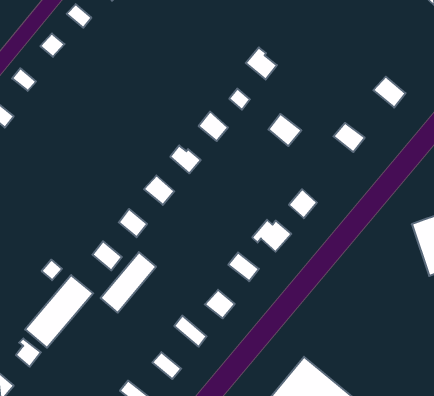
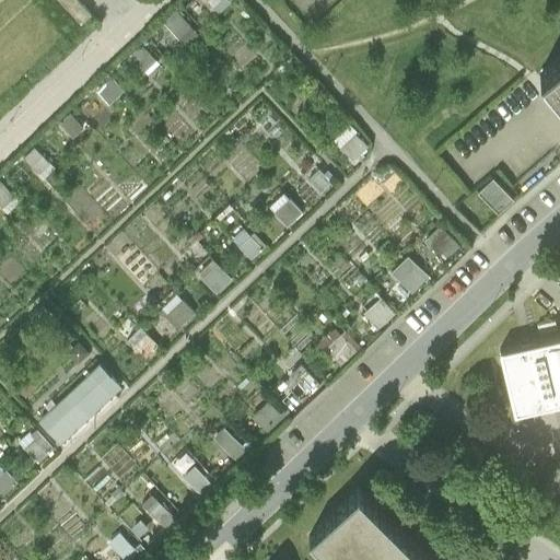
building: [268,114,301,146] -> [390,256,429,294]
building: [101,252,156,313] -> none

